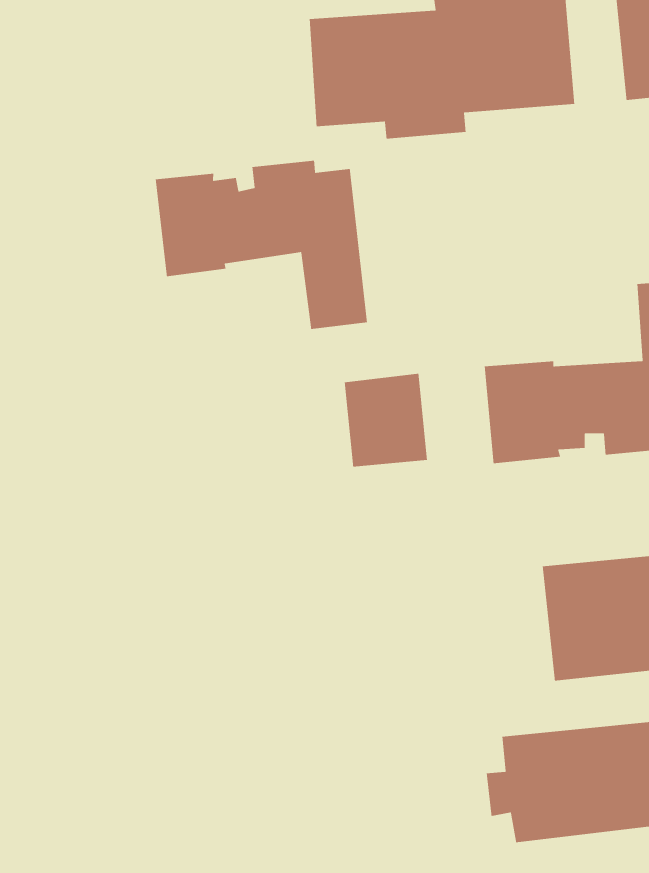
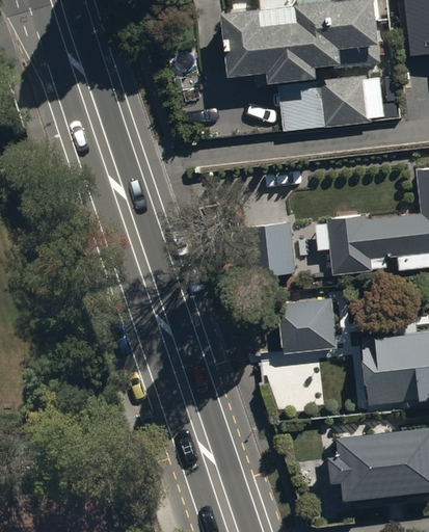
building: none -> [278,76,384,130]
building: [155,160,368,330] -> none
building: none -> [280,298,338,353]

